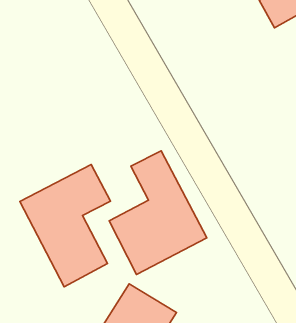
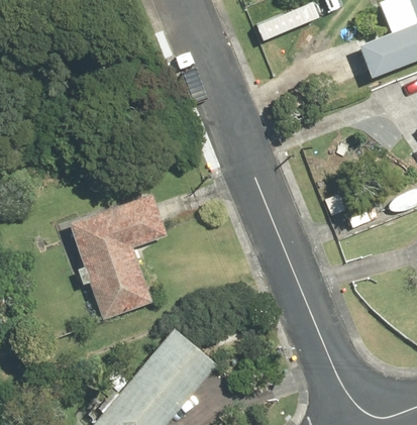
building: [109,151,207,274] -> none

